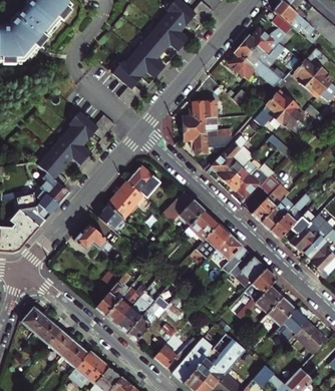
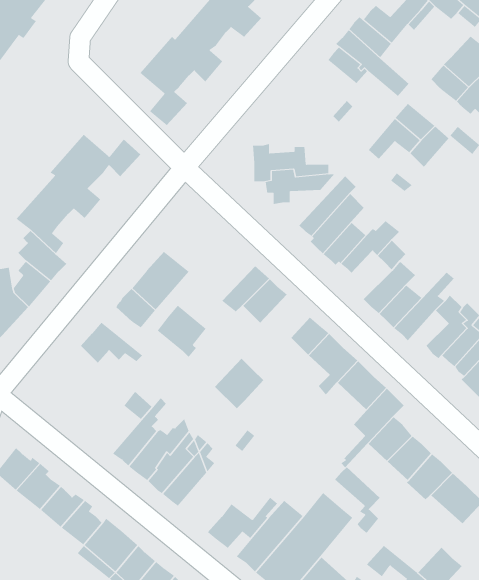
building: [189,100,216,121] -> none
building: [126,166,157,200] -> [157,305,206,358]
building: [187,210,218,242] -> [214,358,264,409]
building: none -> [334,467,381,534]

